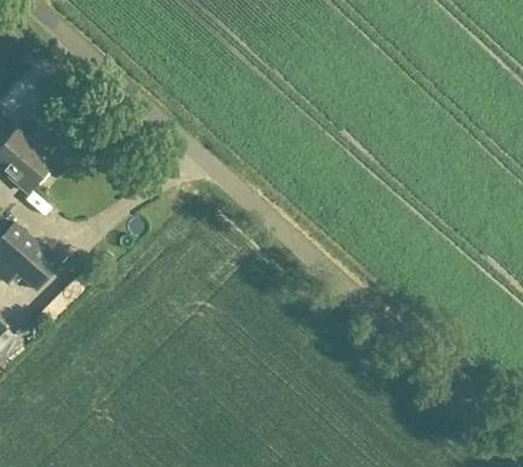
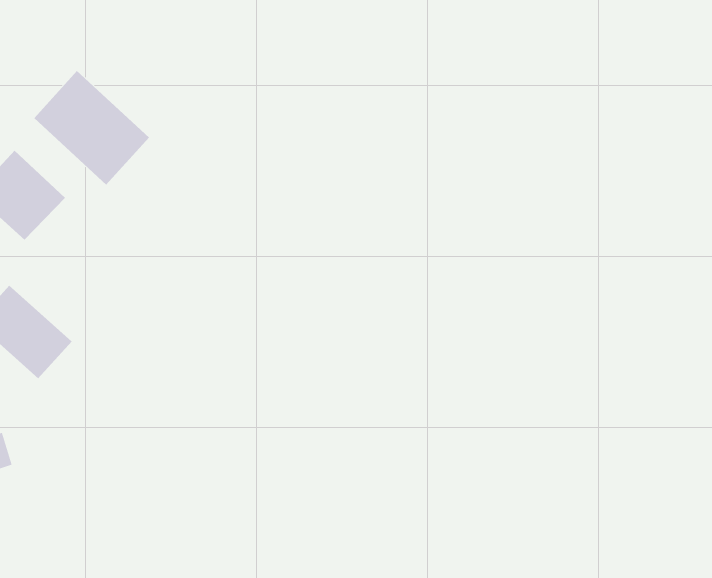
building: none -> [33,70,150,185]

